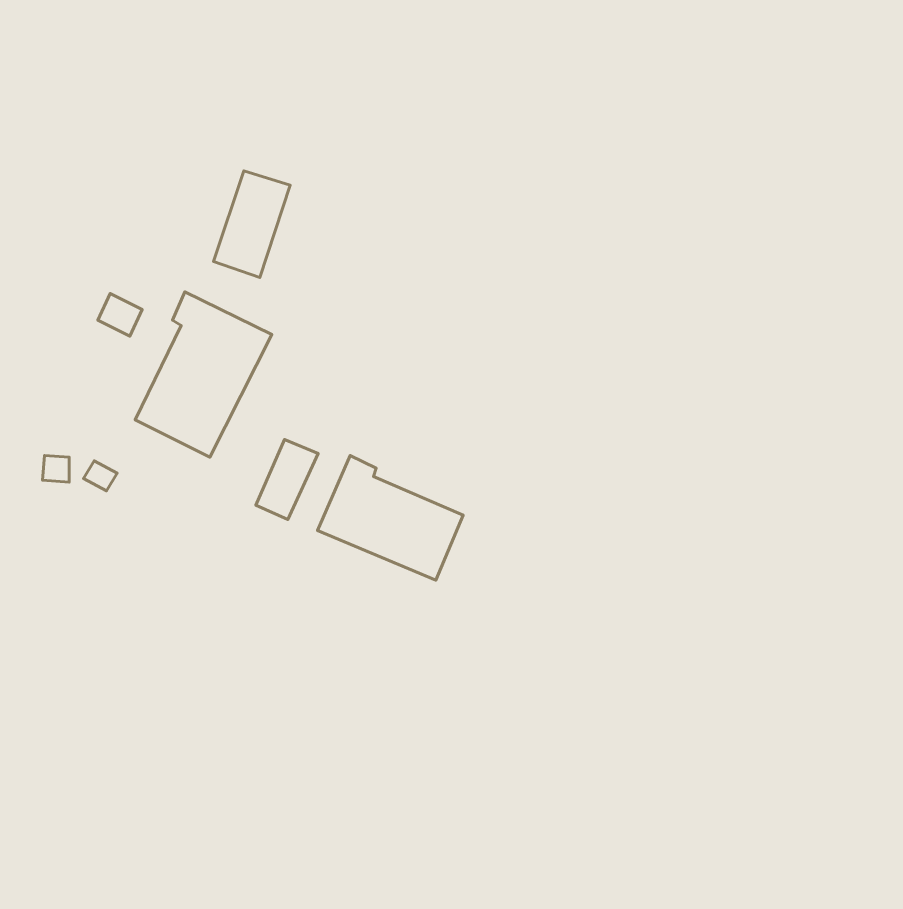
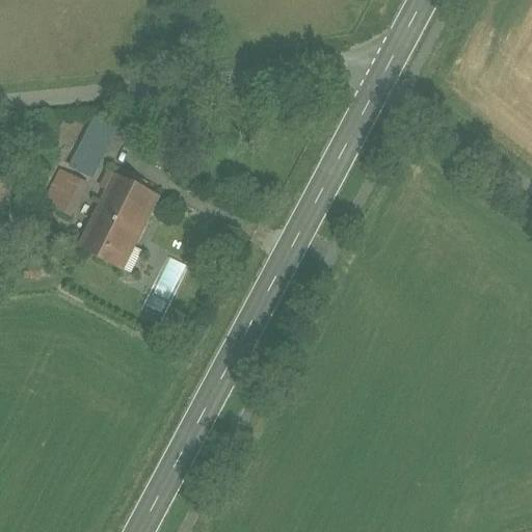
building: [214,171,290,278] -> [72,117,116,180]
building: [318,456,463,580] -> none

